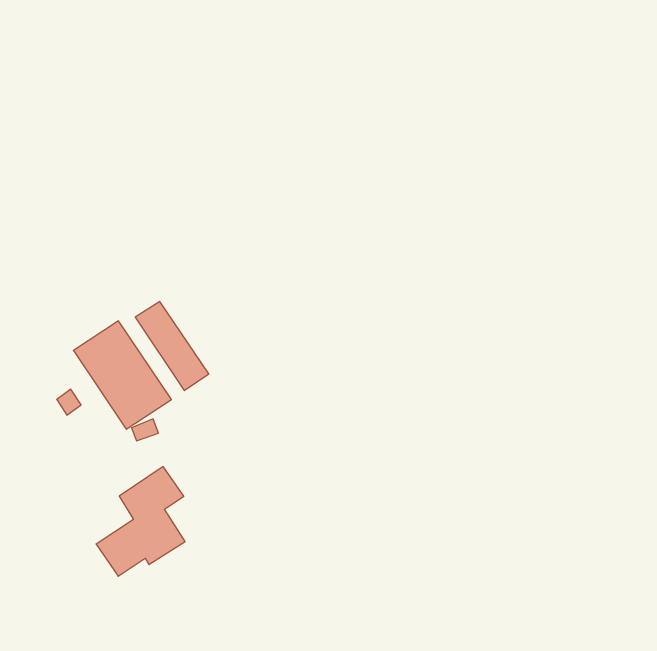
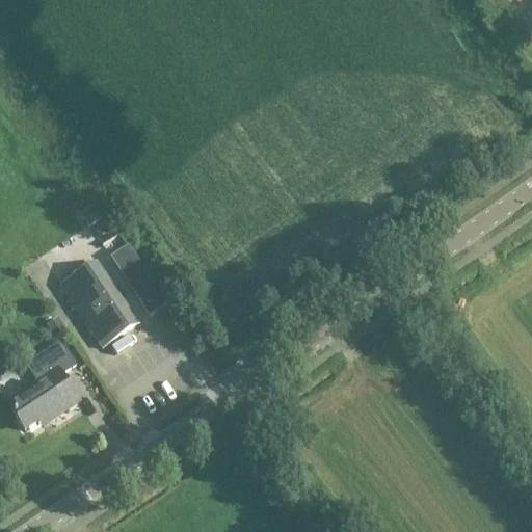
building: [96,467,185,576] -> [6,339,78,427]

